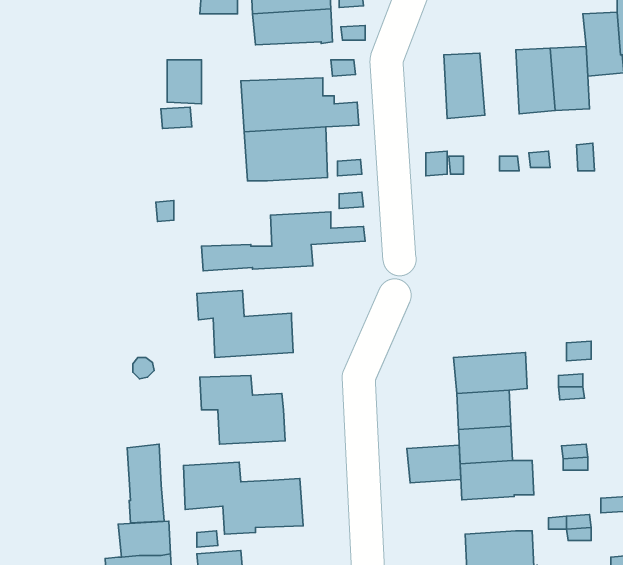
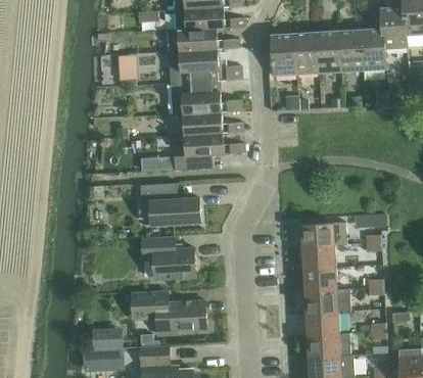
building: none -> [166,28,218,52]
building: none -> [316,33,340,74]
building: none -> [270,36,295,77]
building: none -> [183,112,223,136]
building: [127,444,164,523] -> none
building: [407,445,461,483] -> [304,312,338,335]

